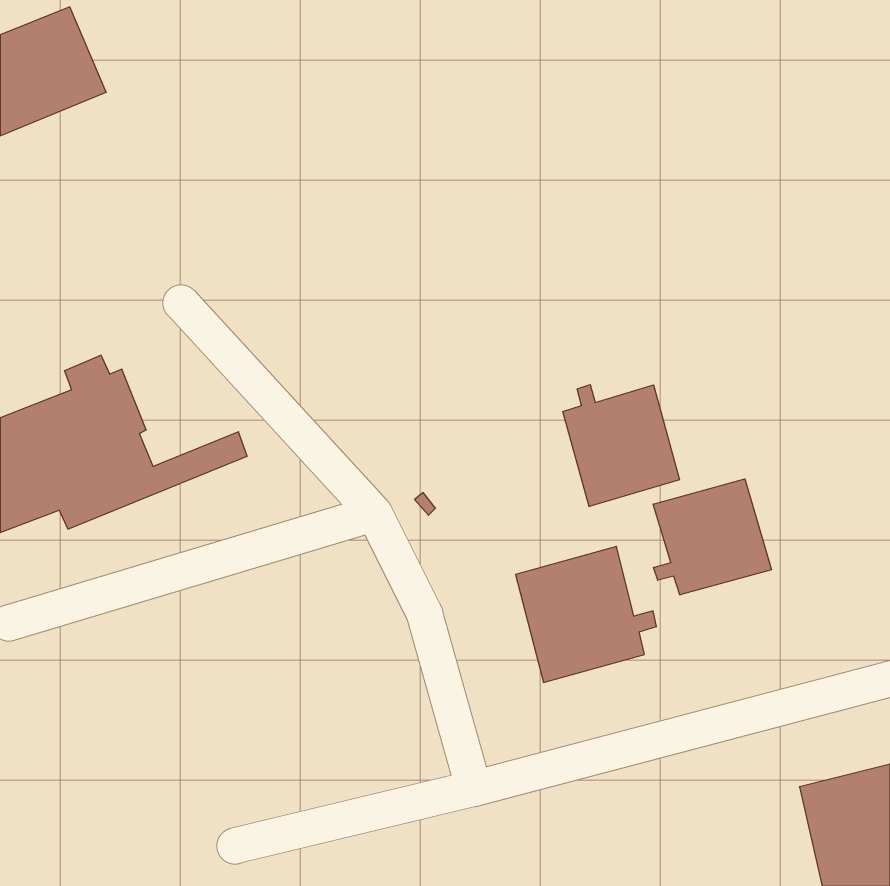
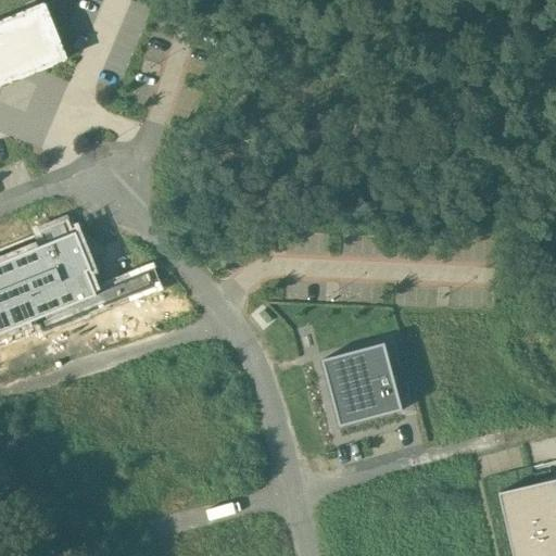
building: [563,385,680,507] -> none
building: [653,479,772,595] -> none

